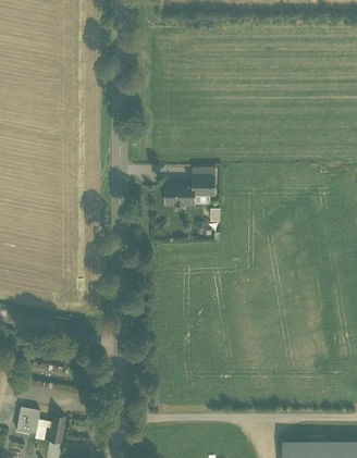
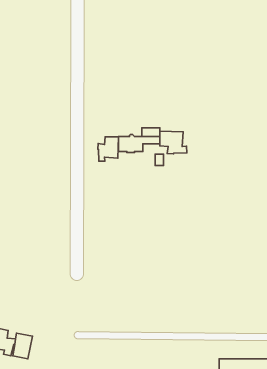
building: none -> [160,131,187,154]
building: none -> [98,137,118,161]

